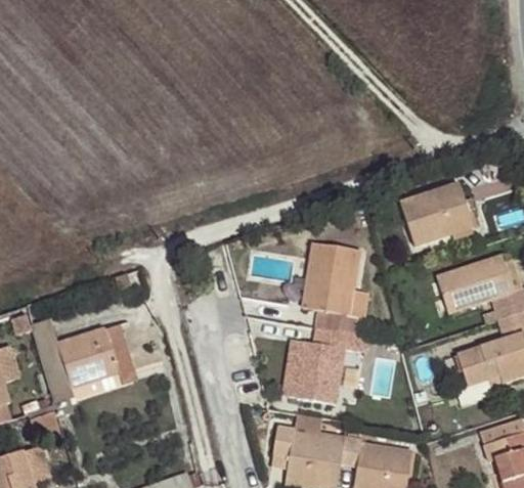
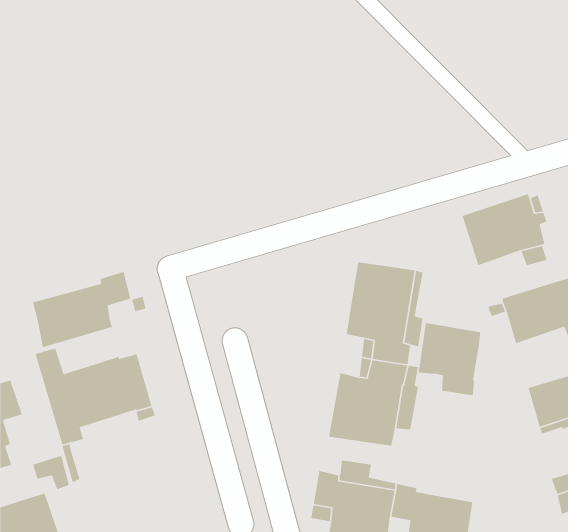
building: none -> [32,271,131,348]
building: none -> [418,322,481,396]

